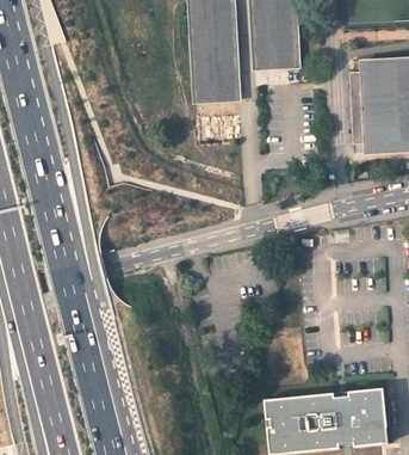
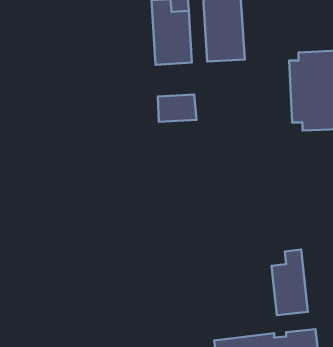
building: [194,74,240,106] -> [158,94,196,122]
building: none -> [271,250,308,315]

